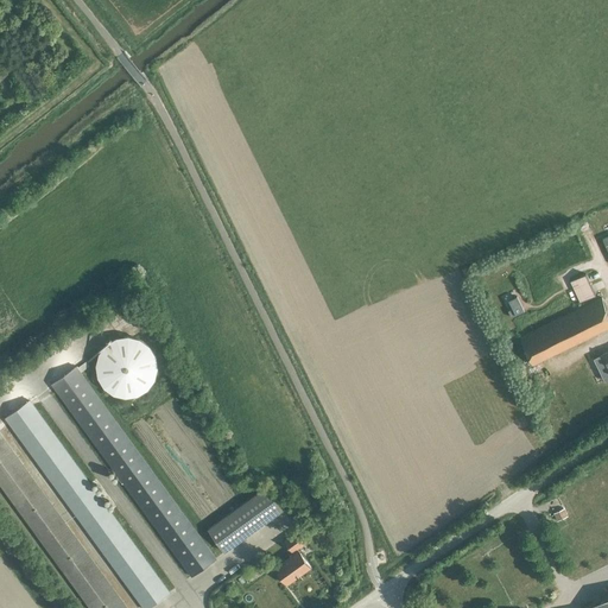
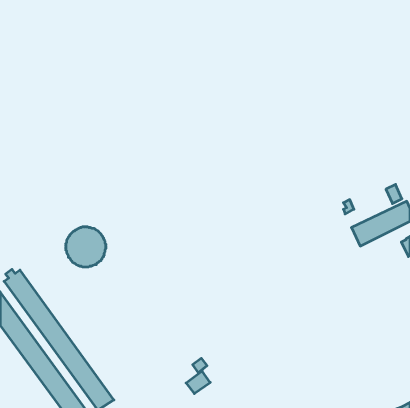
building: [52,368,215,578] -> none
building: [208,488,283,553] -> none

